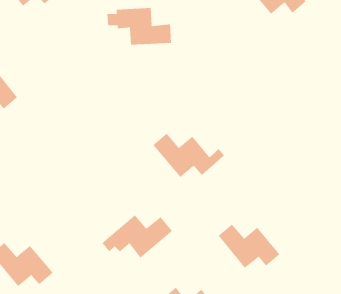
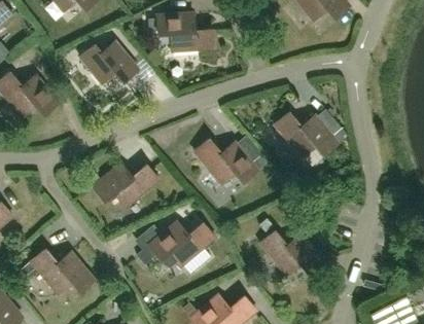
building: none -> [79,41,137,83]
building: none -> [274,112,347,157]
building: none -> [93,163,158,207]

